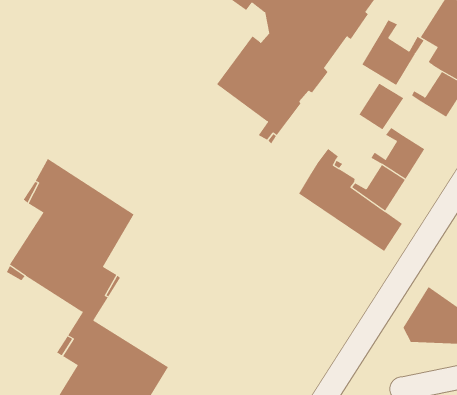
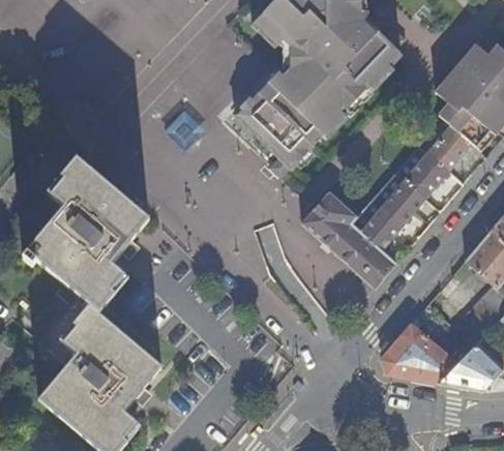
building: [361,20,424,86] -> none
building: [358,83,404,130] -> [405,152,449,197]

